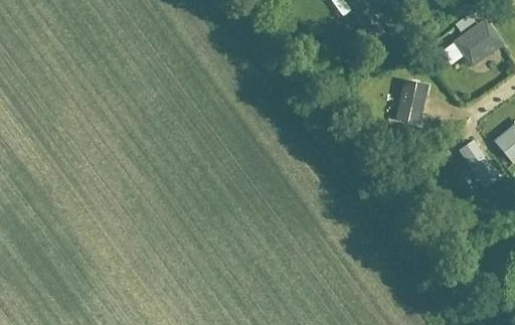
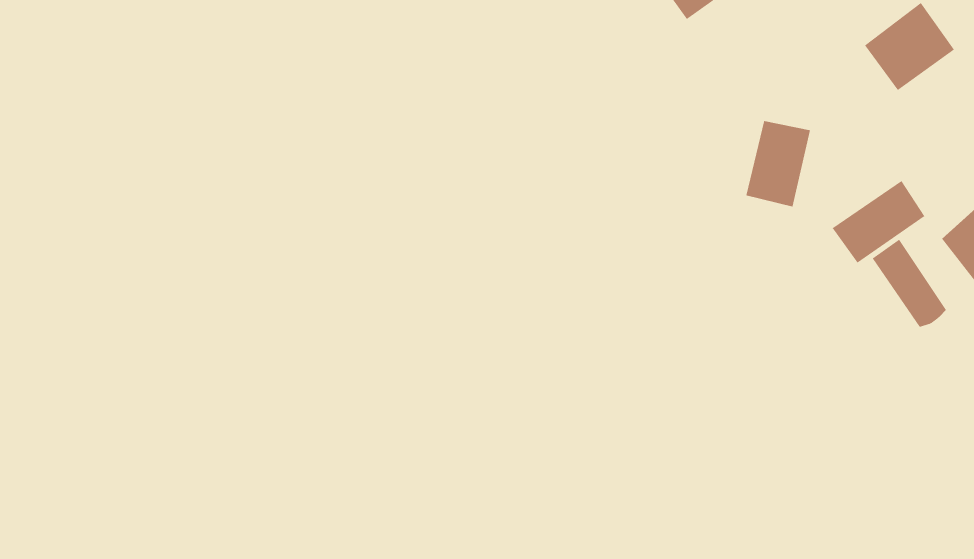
building: none -> [832,180,925,263]

